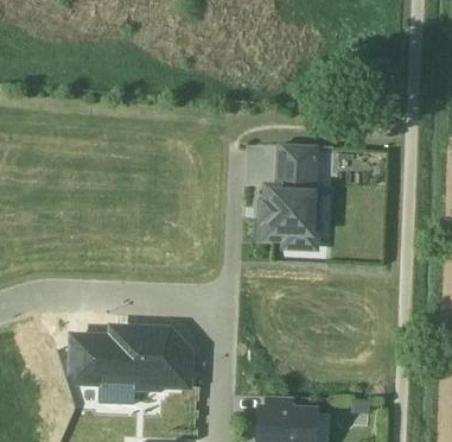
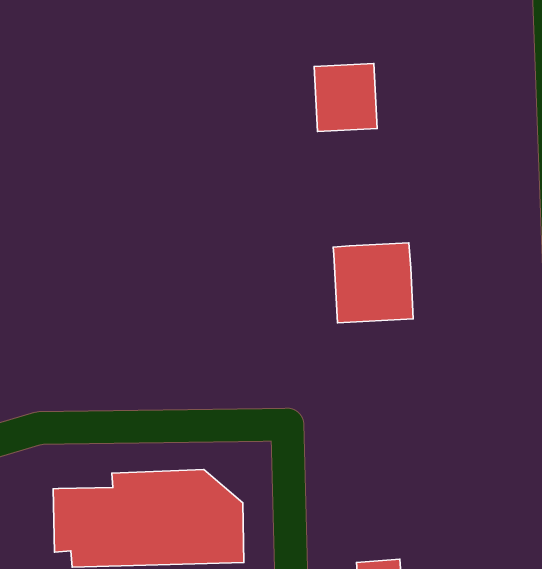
building: [276,147,317,191] -> [314,64,377,131]

